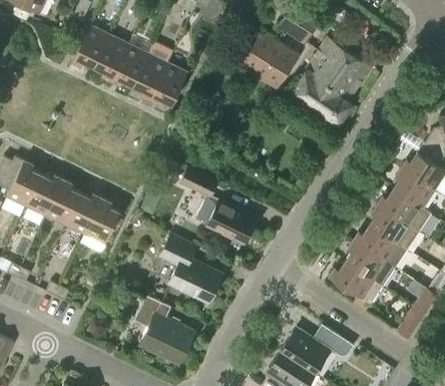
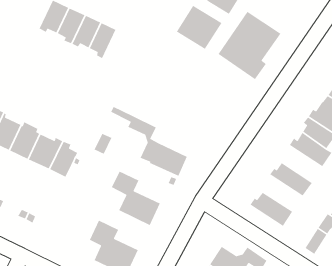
building: [150,63,188,105] -> none
building: [369,205,419,251] -> none
building: [346,241,395,286] -> none

